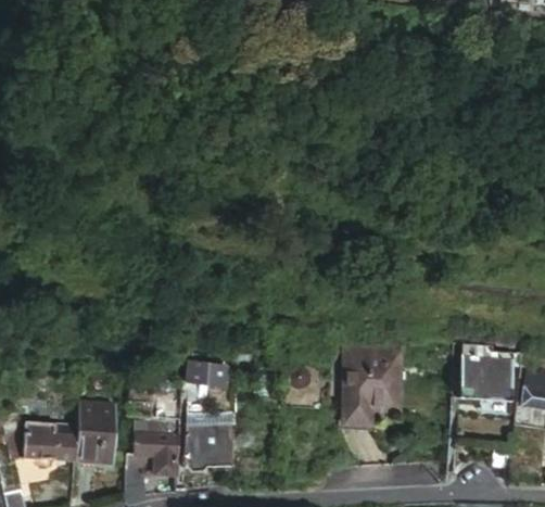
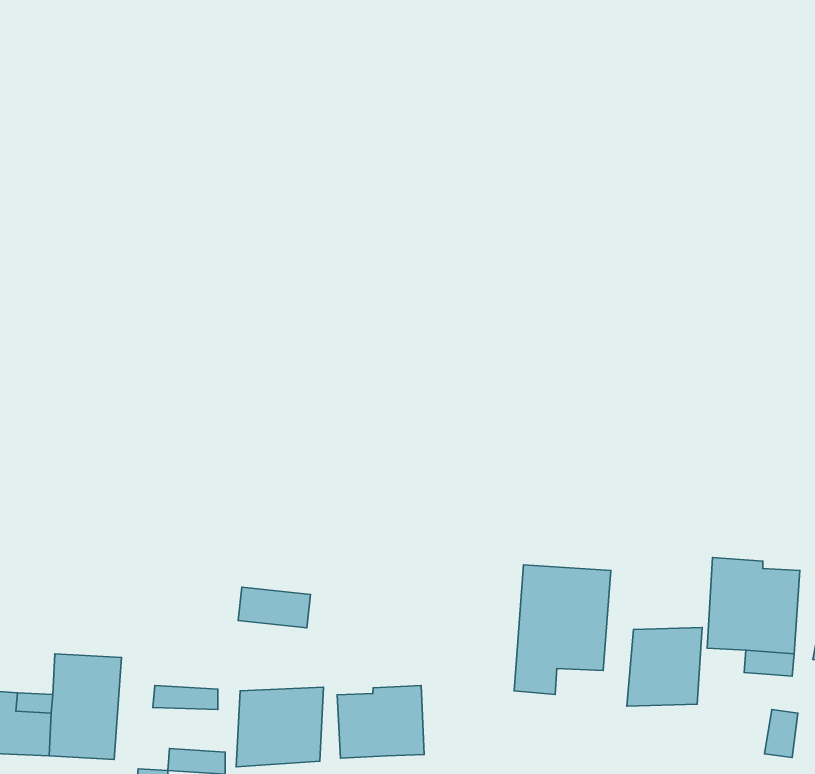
building: none -> [627,627,702,706]
building: none -> [337,685,424,758]
building: [134,432,179,458] -> none

